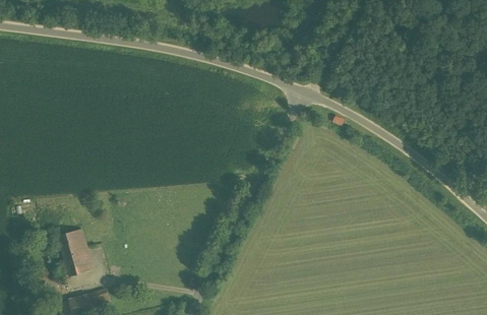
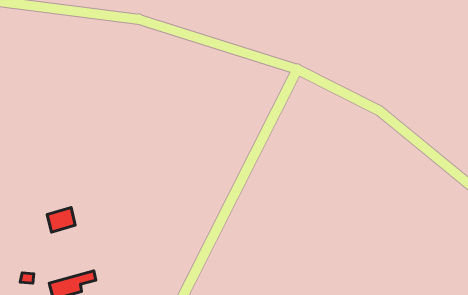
building: [63,245,93,274] -> none

